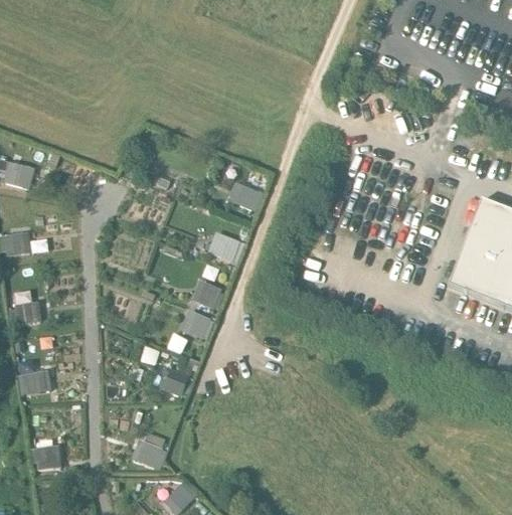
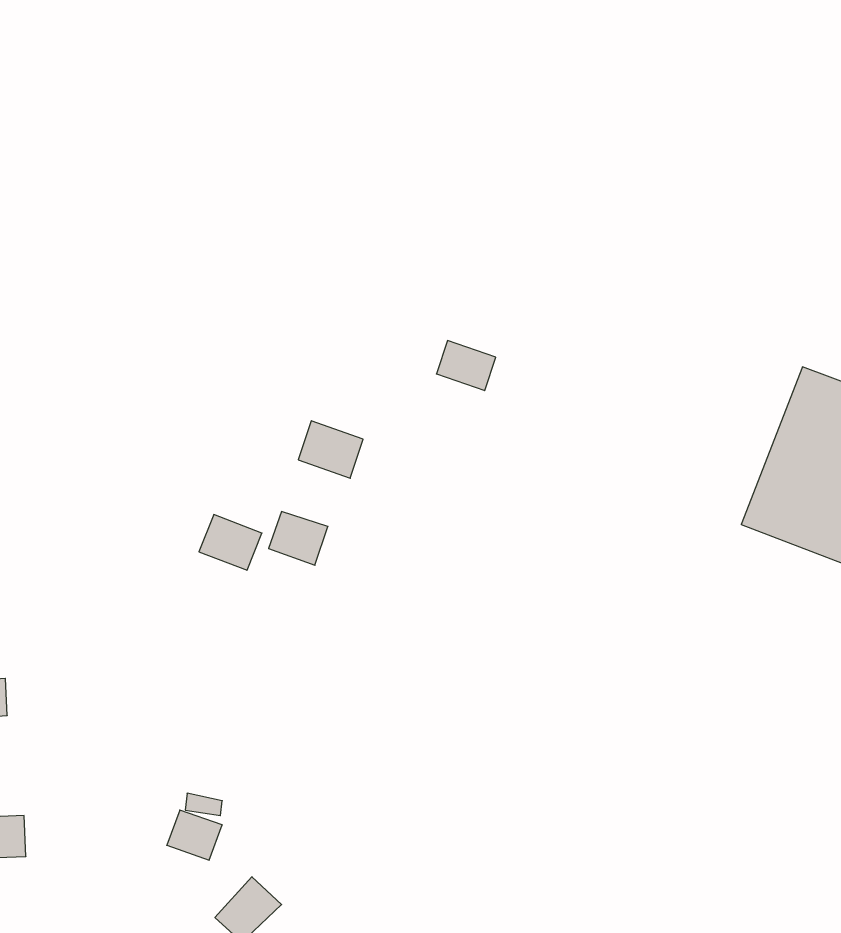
building: [227,182,260,209] -> [436,341,496,391]
building: [179,309,213,339] -> [199,515,262,570]
building: [161,366,188,395] -> none

